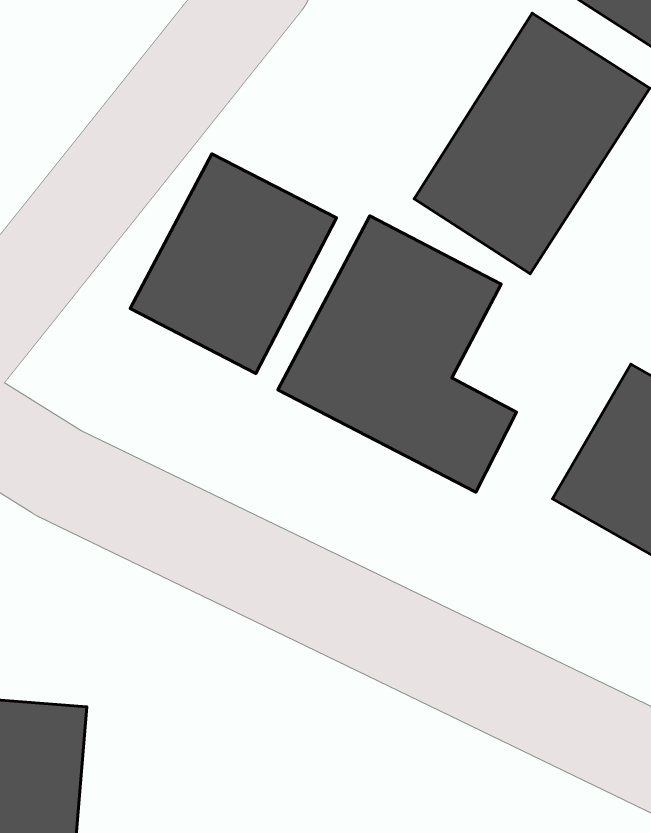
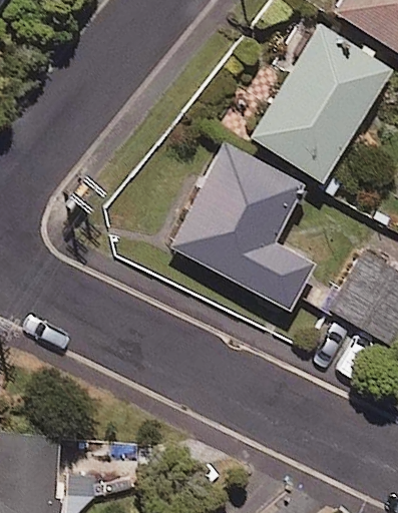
building: [130,154,336,374] -> none

